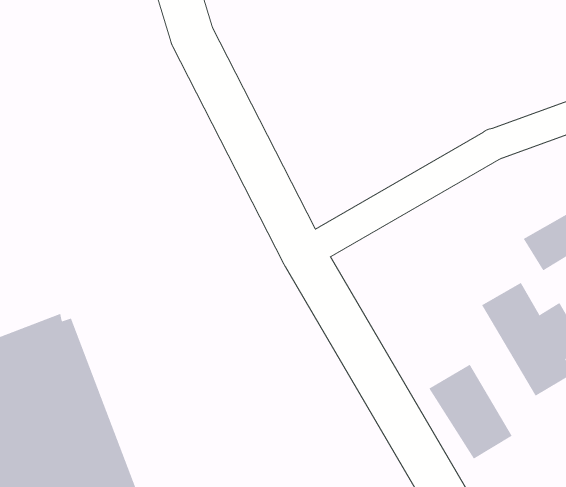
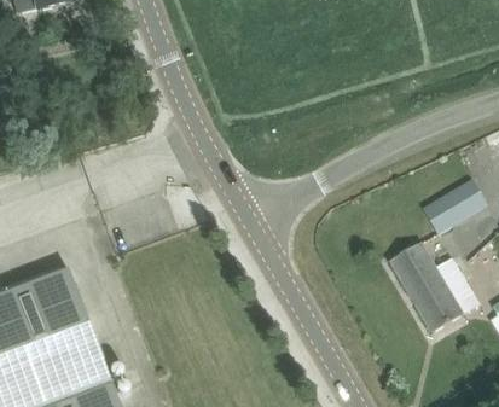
building: [428,364,513,460] -> none

